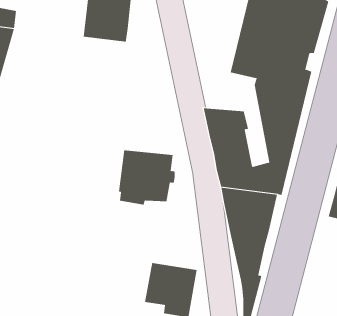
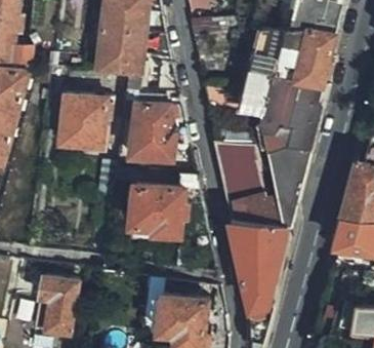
building: none -> [59,94,112,147]
building: none -> [129,102,175,160]
building: none -> [36,276,77,335]

